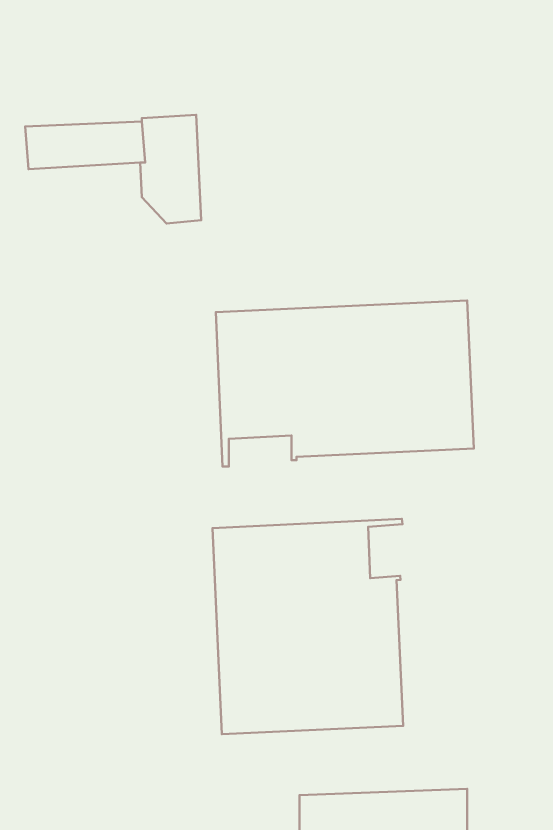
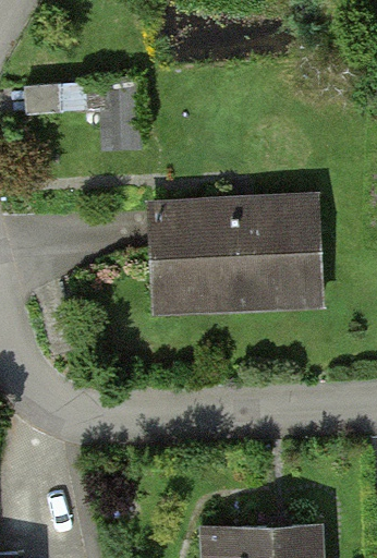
building: [212,519,403,734] -> none

